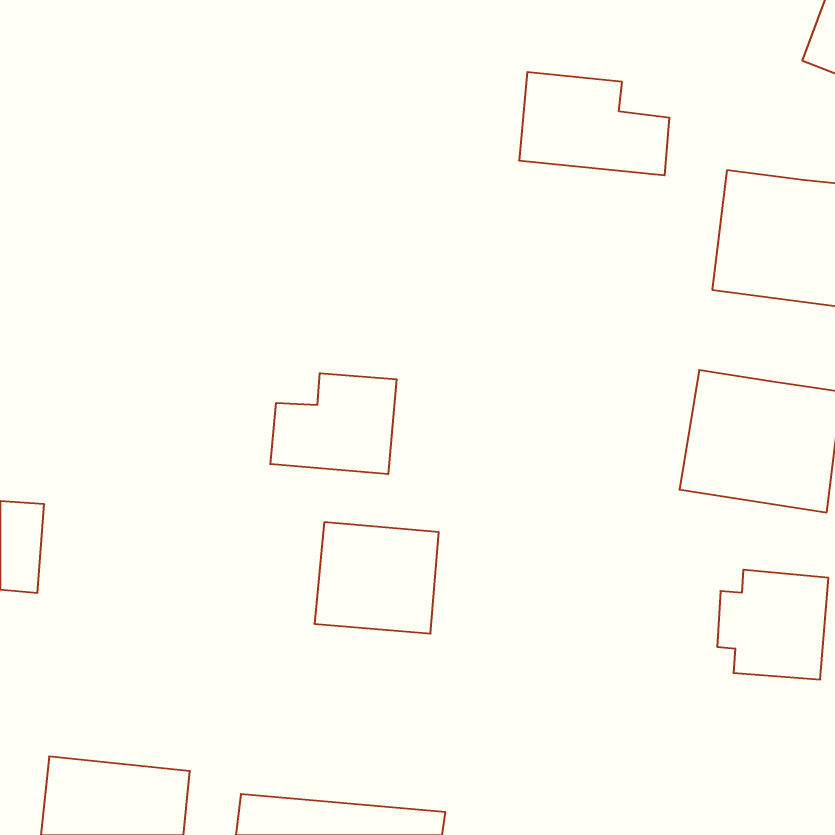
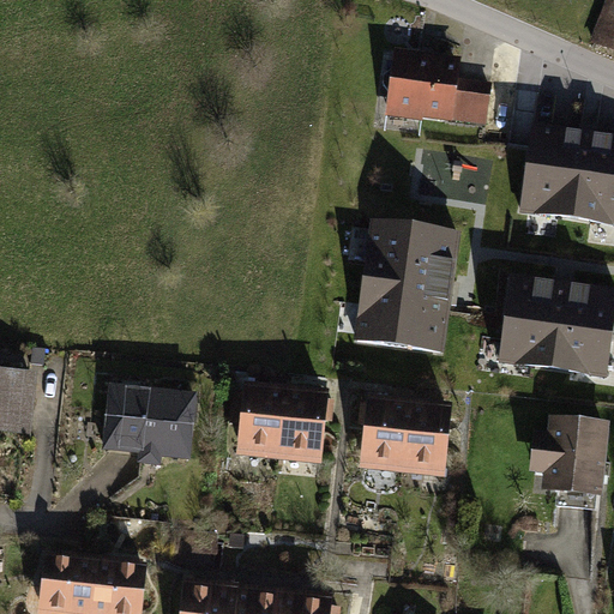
building: none -> [357,216,463,350]
building: [270,373,397,474] -> none
building: none -> [98,381,194,460]
building: none -> [356,396,449,477]

